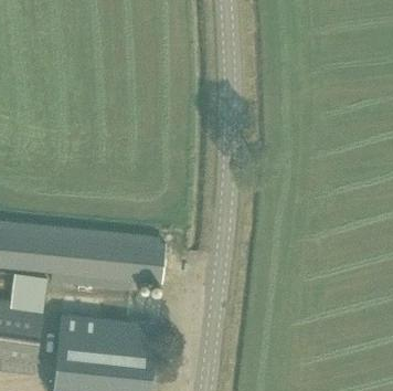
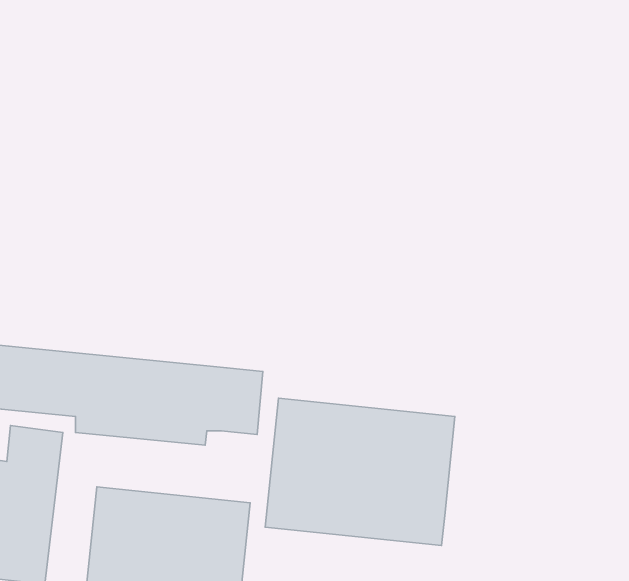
building: none -> [265,398,455,546]

